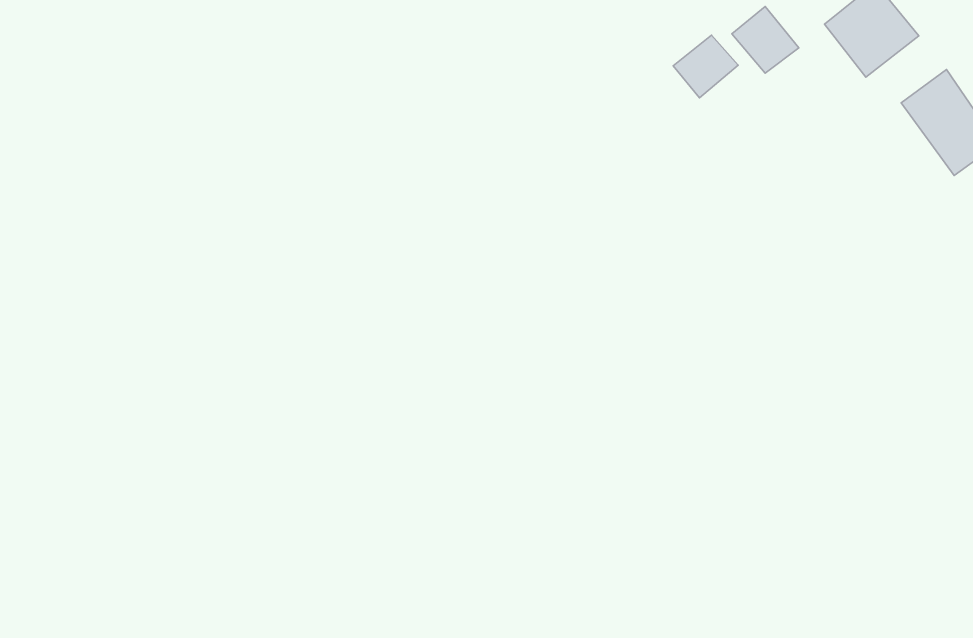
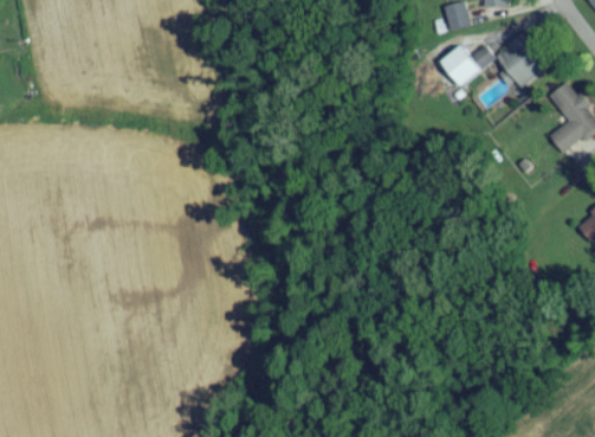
building: [673,35,738,98] -> none

